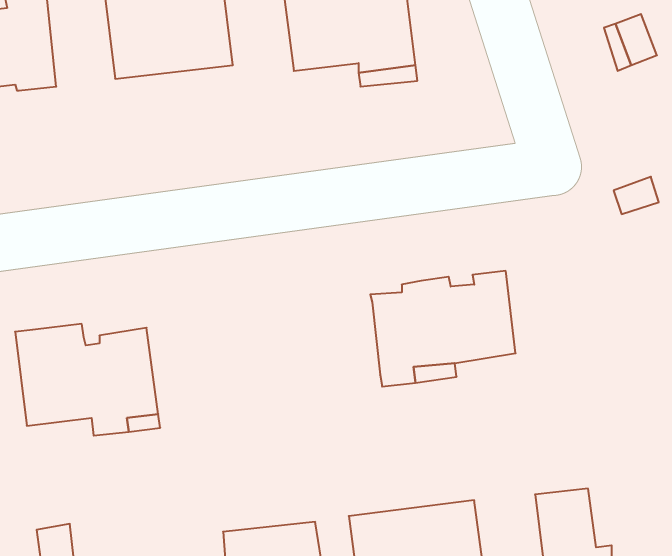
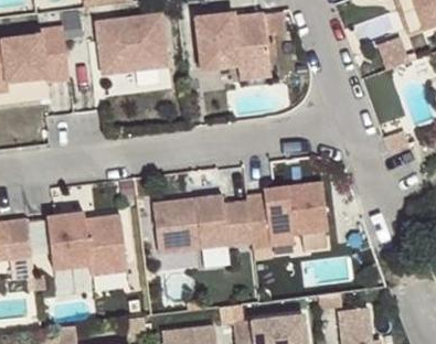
building: none -> [151,194,251,252]

